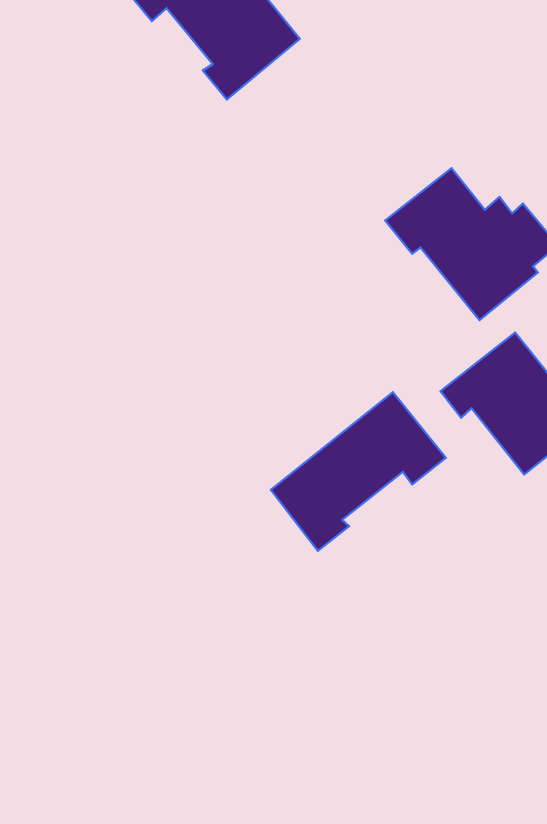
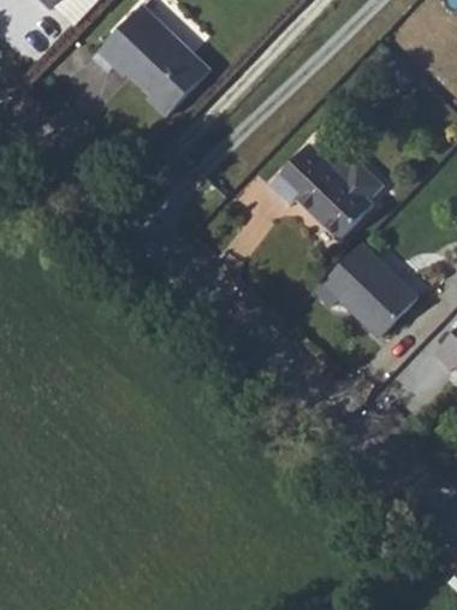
building: [271,392,446,551] -> none

